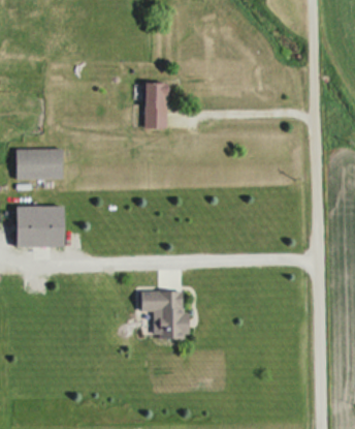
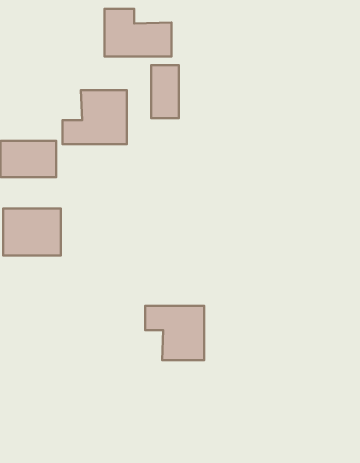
building: none -> [105,9,171,56]
building: none -> [62,90,127,144]

